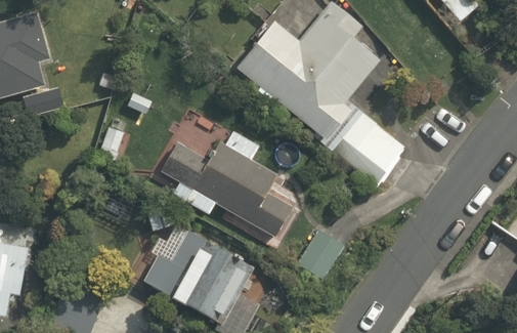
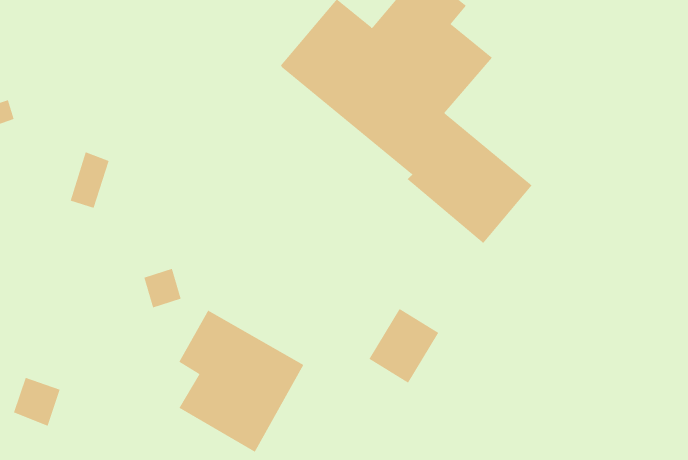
building: [170,131,291,236] -> none

